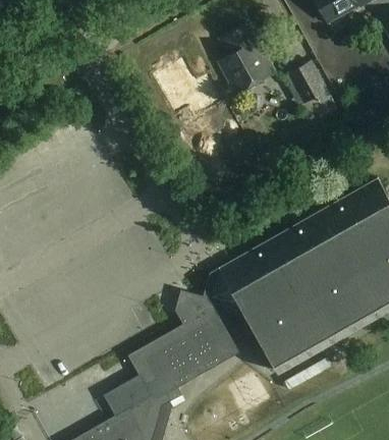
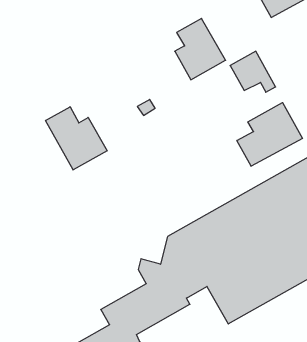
building: none -> [237,103,302,166]
building: none -> [46,107,107,170]

